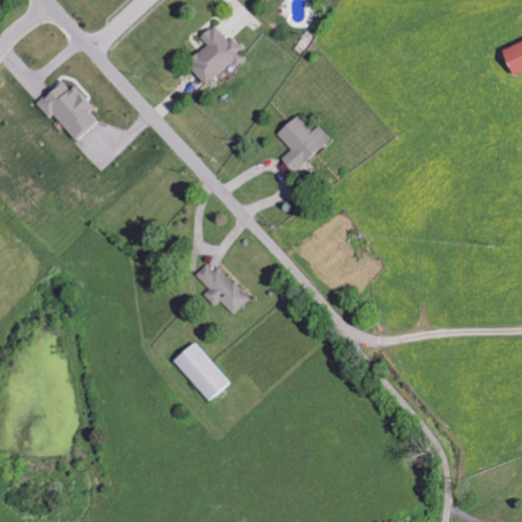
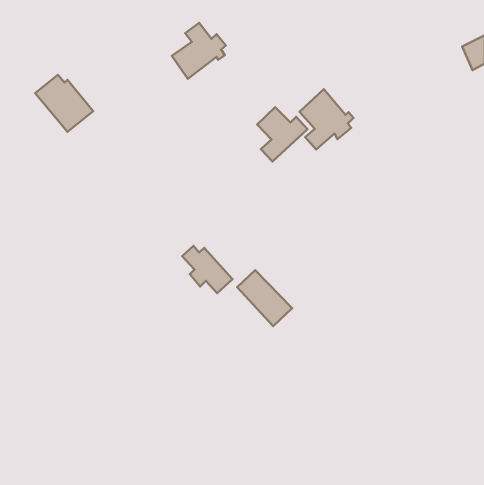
building: none -> [299,89,354,150]
building: [172,343,231,403] -> [237,270,292,326]

